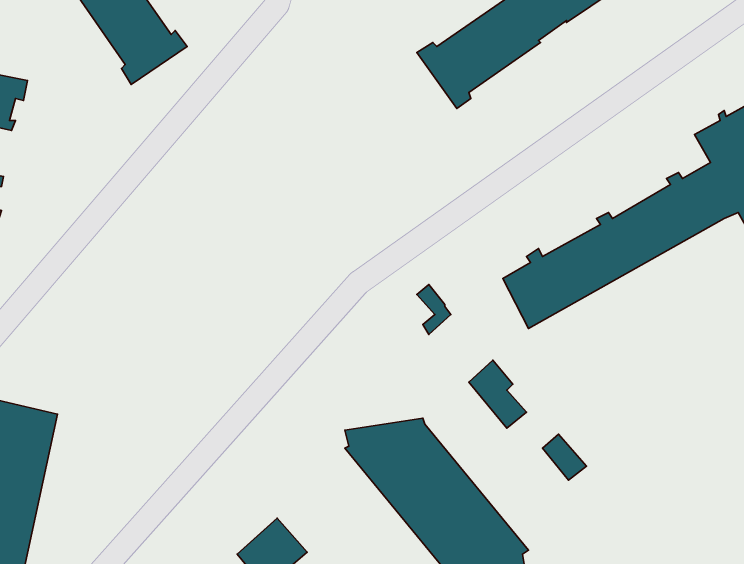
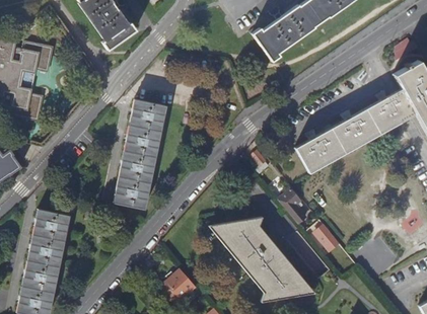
building: none -> [114,99,167,209]

